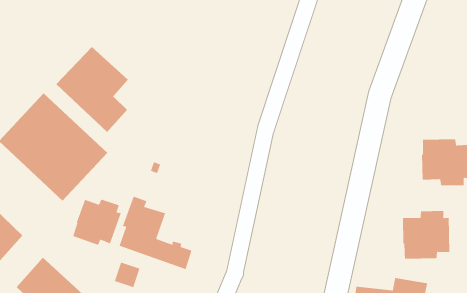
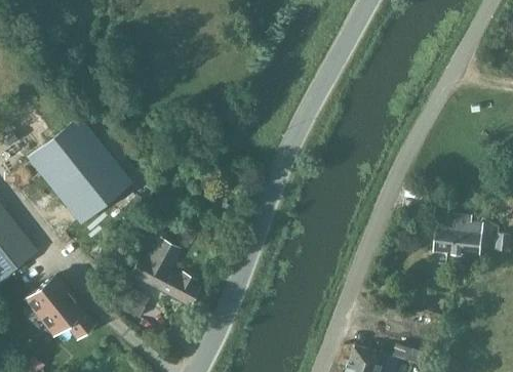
building: [55,46,129,133] -> none
building: [72,198,122,246] -> none
building: [402,210,450,259] -> none

